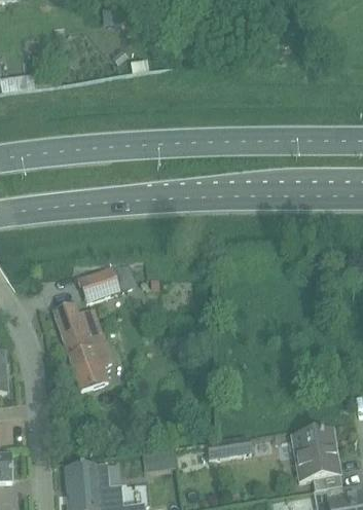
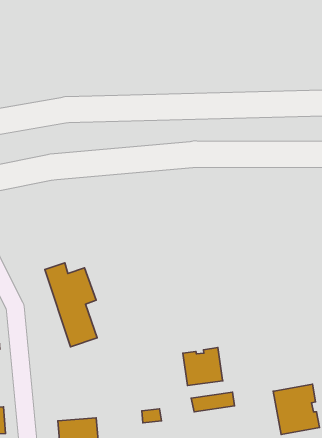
building: [79,264,133,301] -> none
building: none -> [183,348,223,386]

